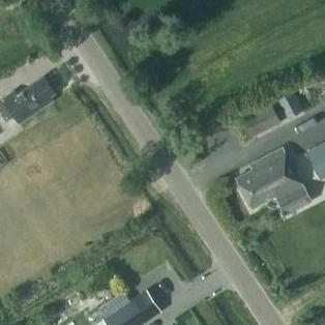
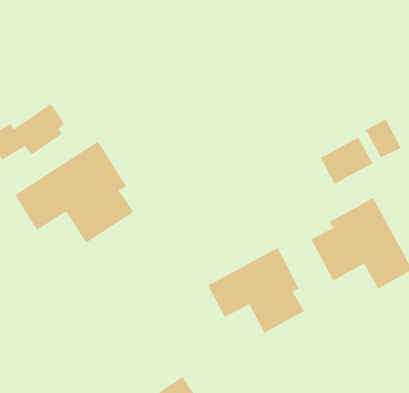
building: none -> [15,141,134,244]
building: none -> [207,247,305,333]

